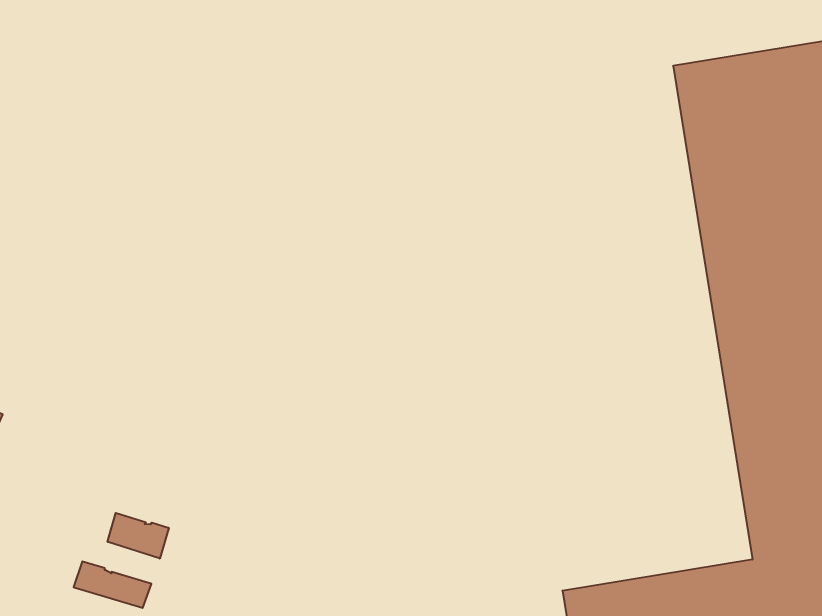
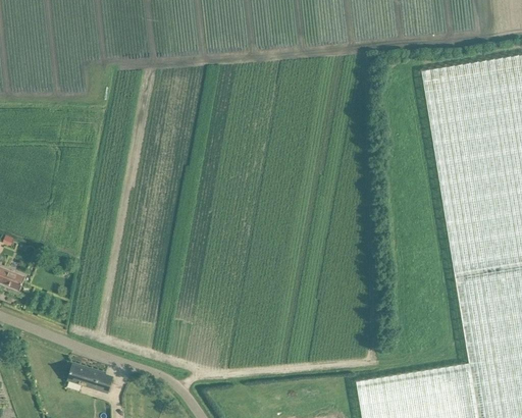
building: [108,513,169,559] -> none

